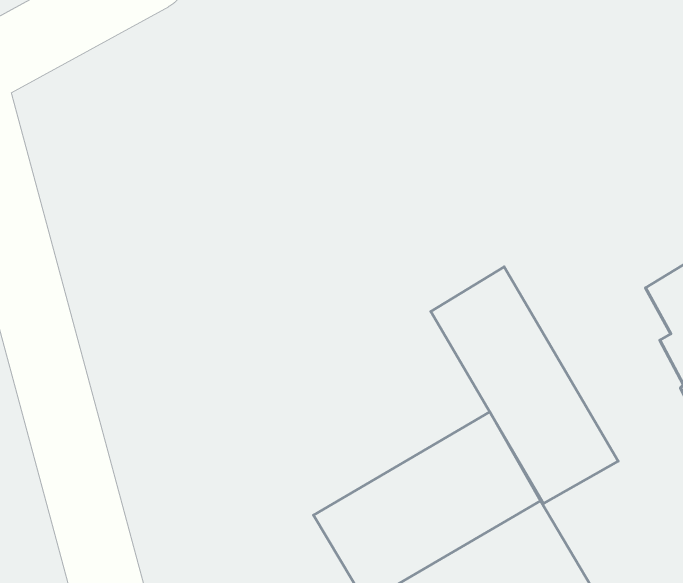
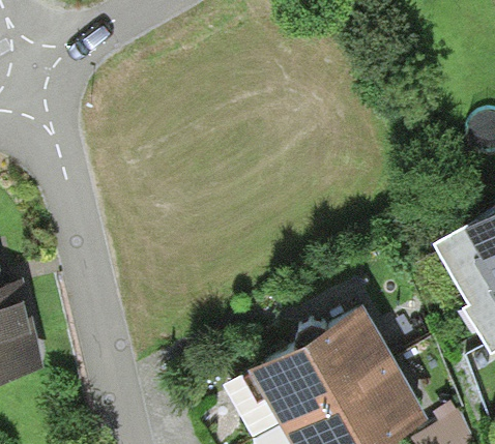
building: [431,267,618,504] -> none

